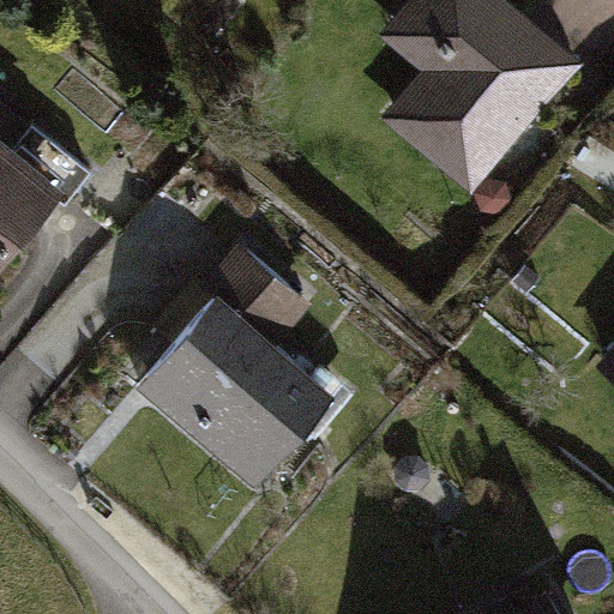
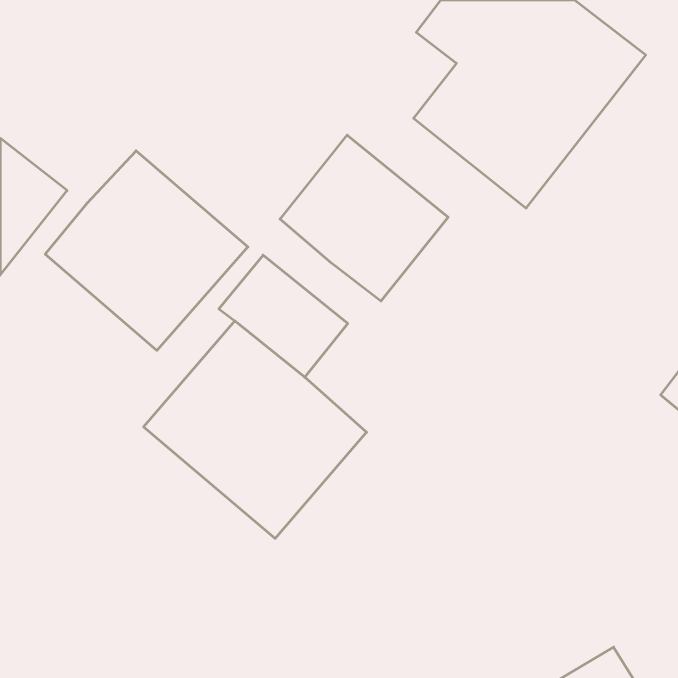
building: none -> [280,135,448,301]
building: none -> [45,151,248,350]

